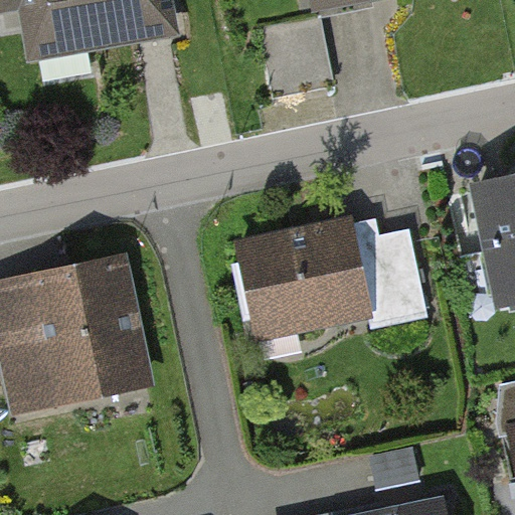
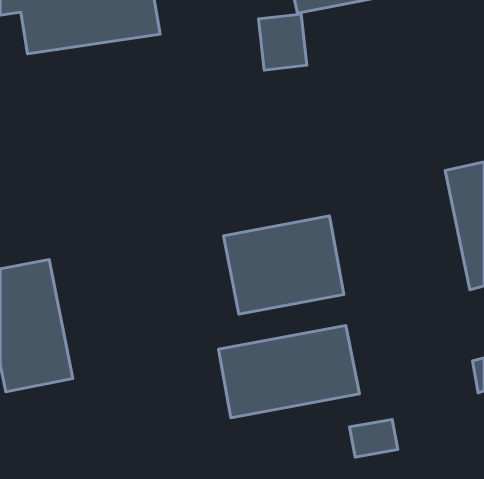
building: [359,230,420,315] -> none
building: [52,262,149,402] -> none
building: none -> [218,325,359,418]

